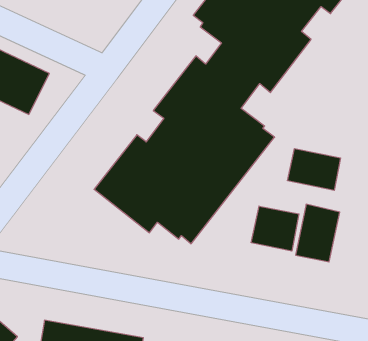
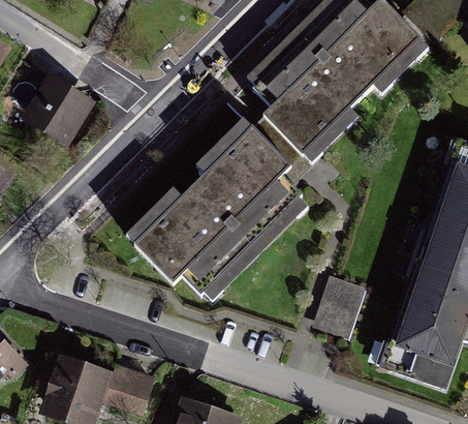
building: [288,149,340,190] -> none
building: [251,206,299,251] -> none

